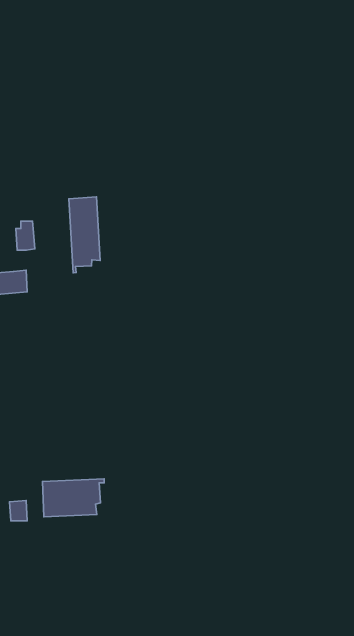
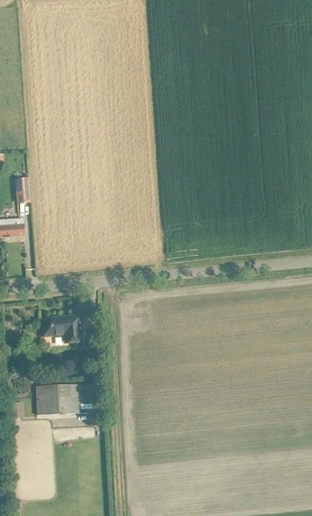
building: [69,197,100,273] -> none
building: none -> [40,314,81,343]

